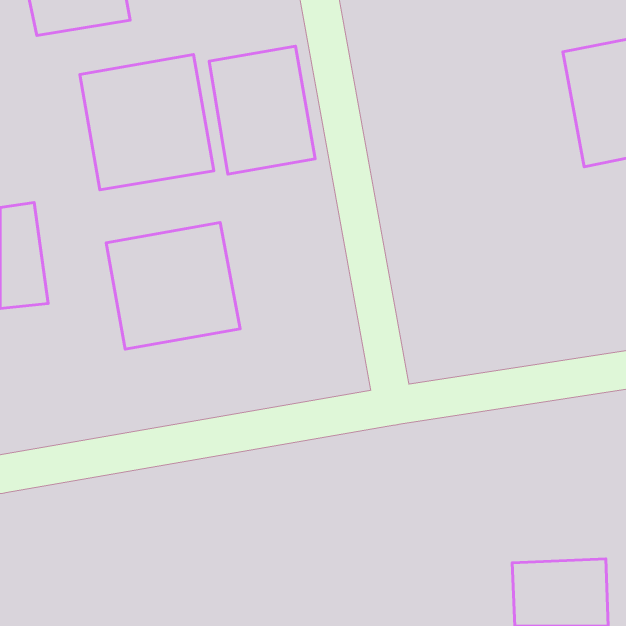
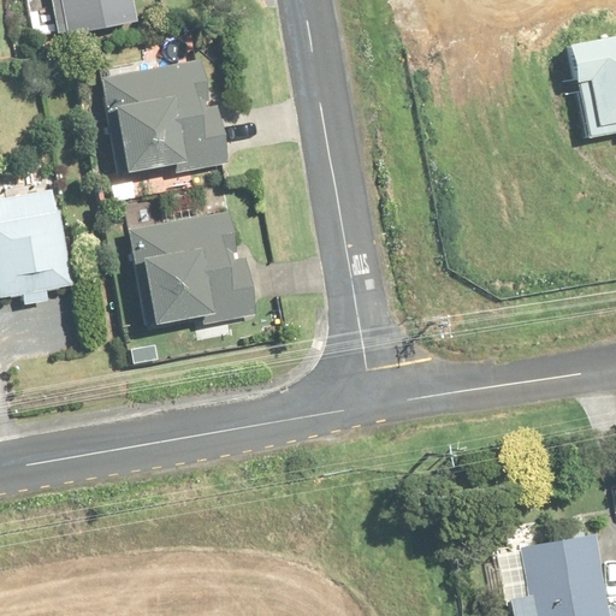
building: [209,46,315,174] -> none

